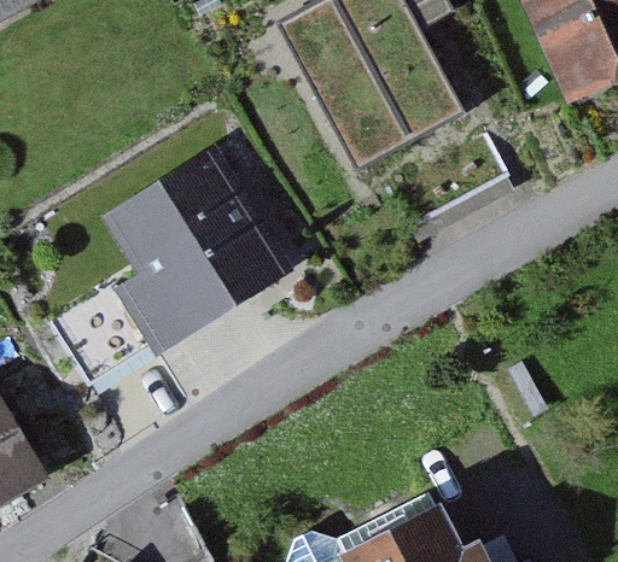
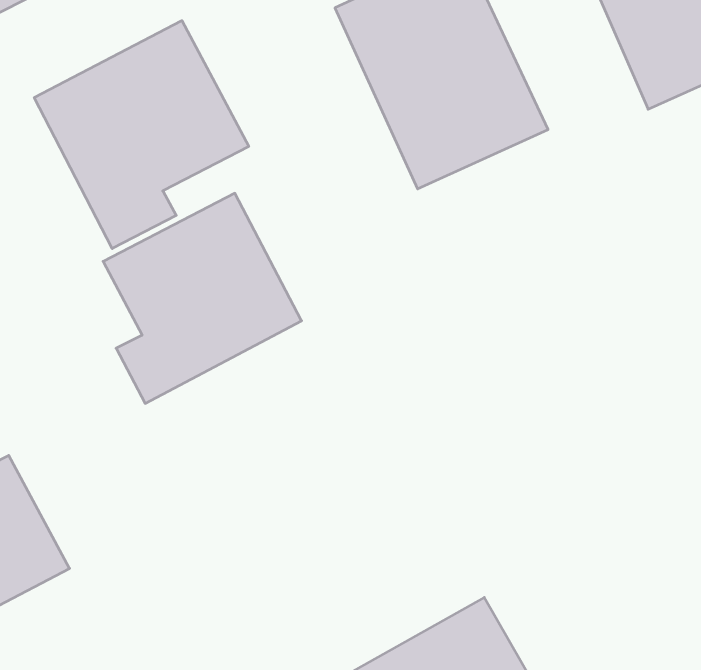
building: none -> [34,21,249,249]

